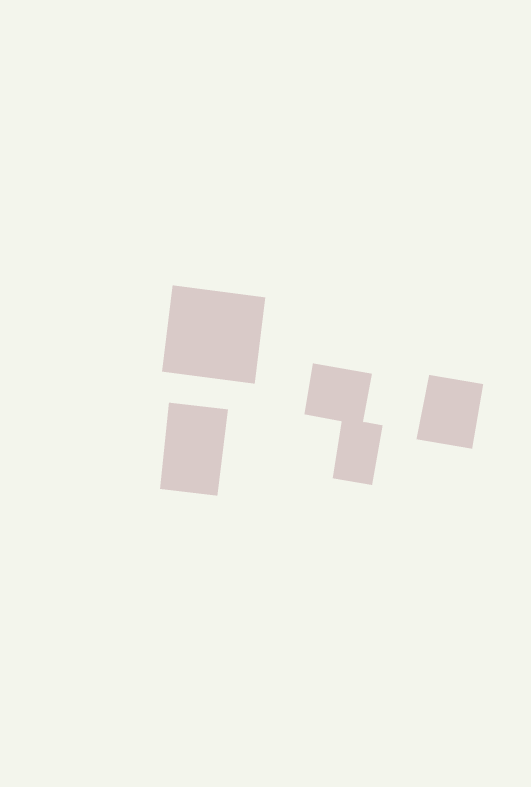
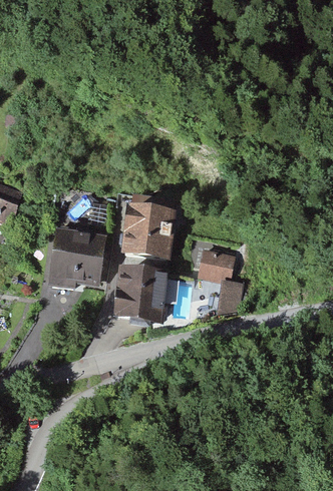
building: none -> [48,222,103,283]
building: [416,374,484,450] -> none

